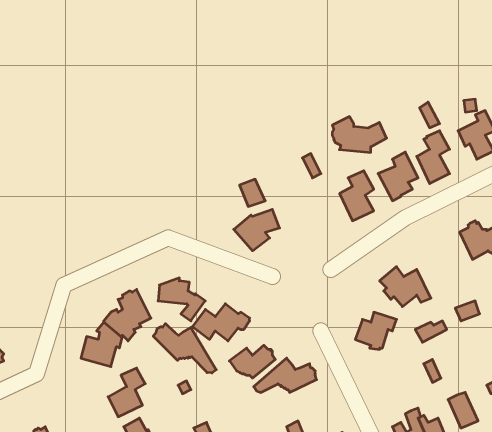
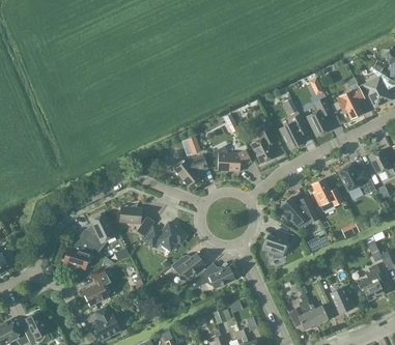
building: [332,117,387,152] -> [211,146,251,172]
building: none -> [311,179,343,212]
building: [153,324,216,373] -> none

